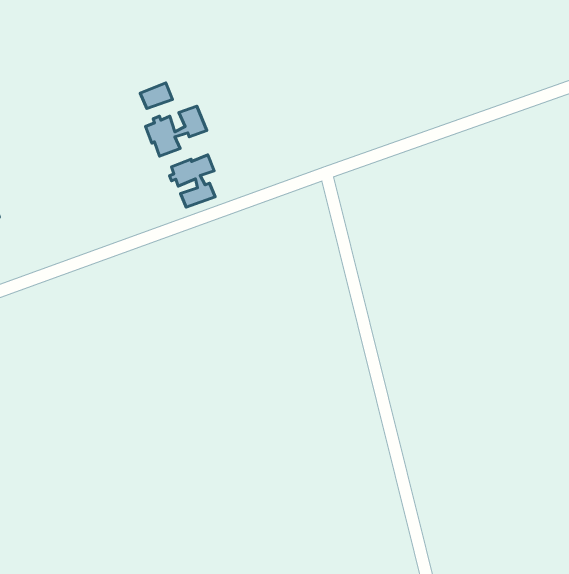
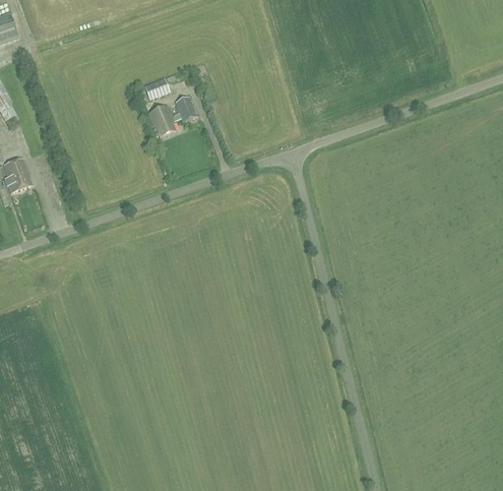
building: [170,155,215,207] -> none

